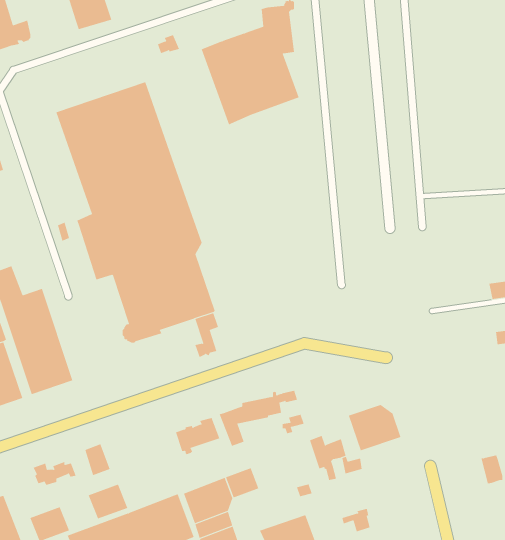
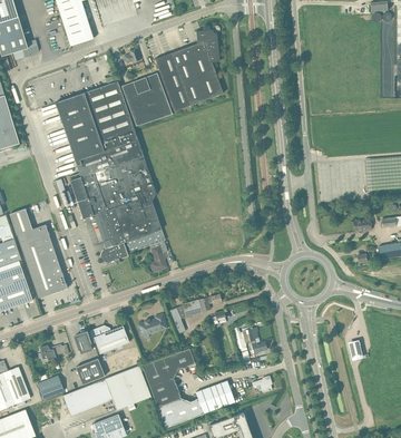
building: none -> [121,72,172,126]
building: [348,404,401,451] -> none
building: none -> [90,325,129,353]

